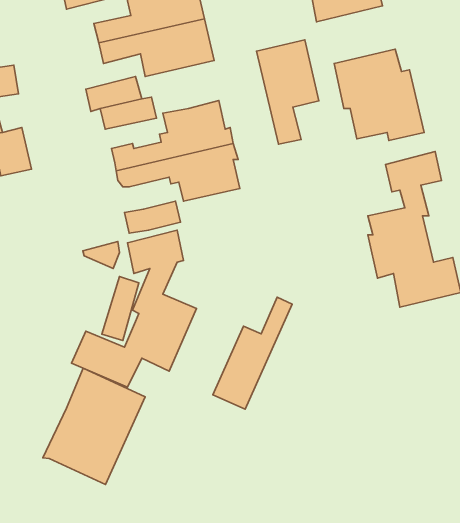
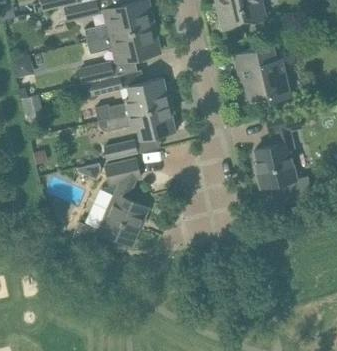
building: [257,40,319,144] -> none
building: [213,297,292,409] -> none
building: [43,368,145,485] -> none

